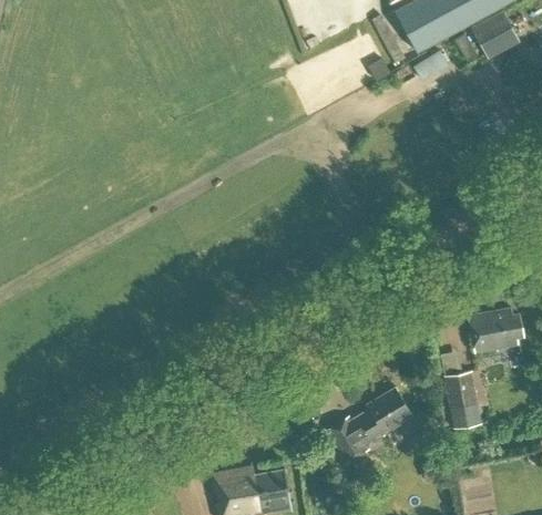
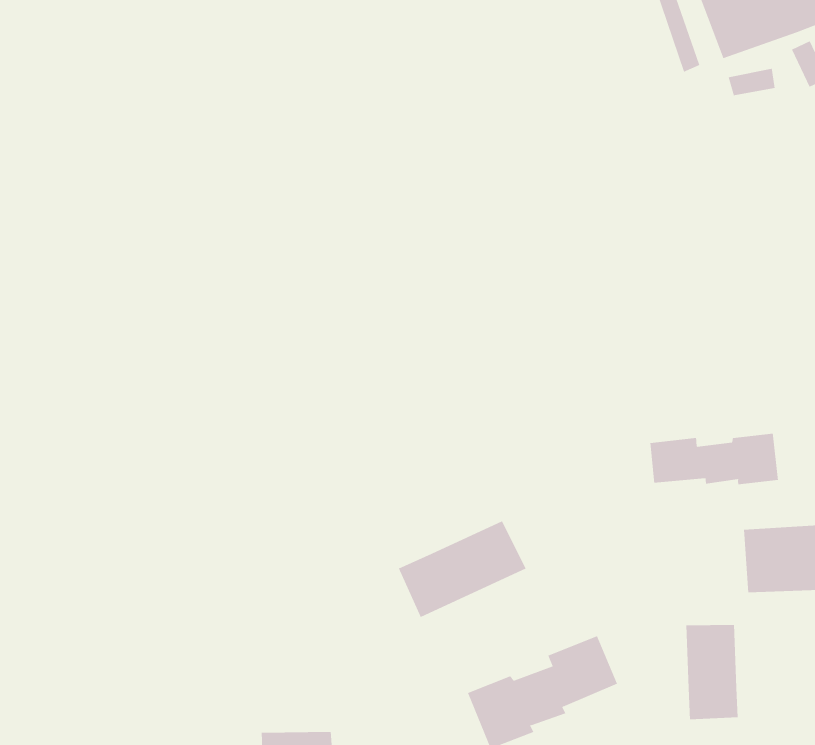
building: none -> [650,433,778,485]
building: none -> [398,520,526,618]

